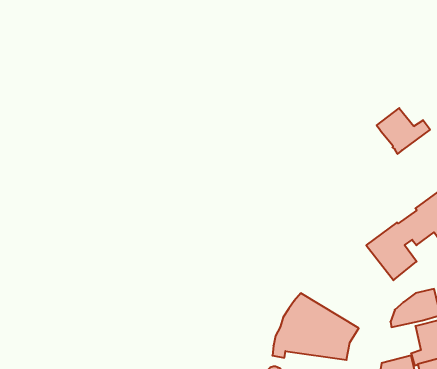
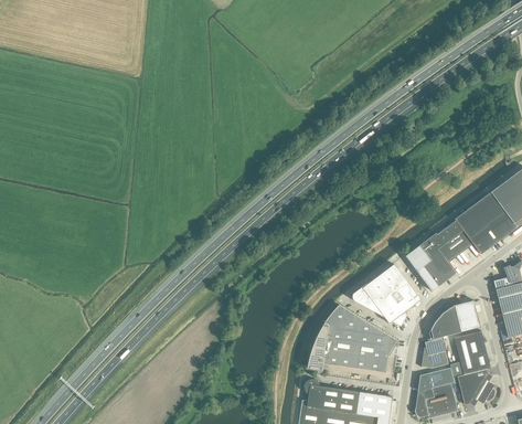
building: [377,108,430,154] -> none
building: none -> [352,264,420,326]
building: none -> [422,338,448,368]

